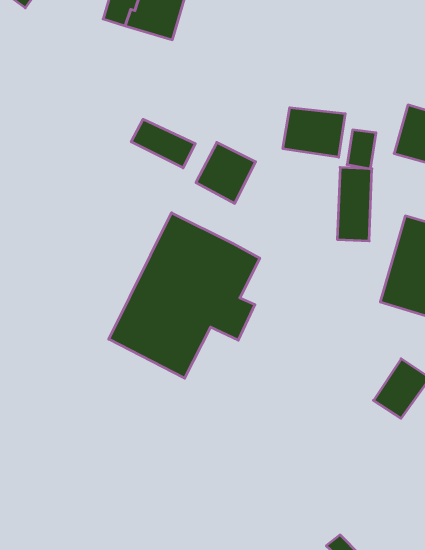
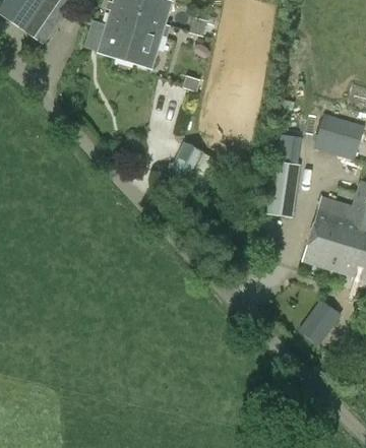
building: [283,108,345,157] -> none
building: [131,119,195,168] -> none
building: [109,213,260,378] -> none

